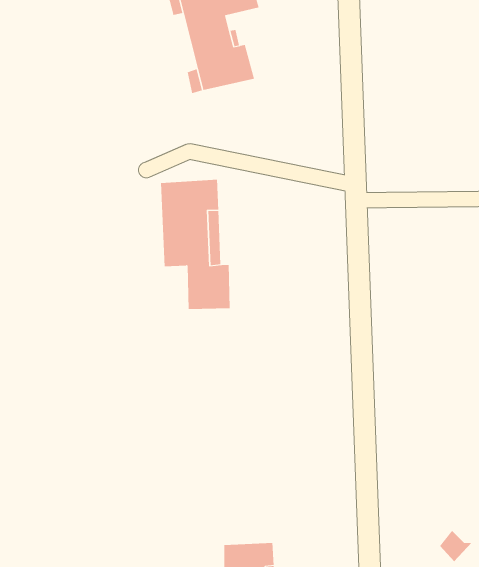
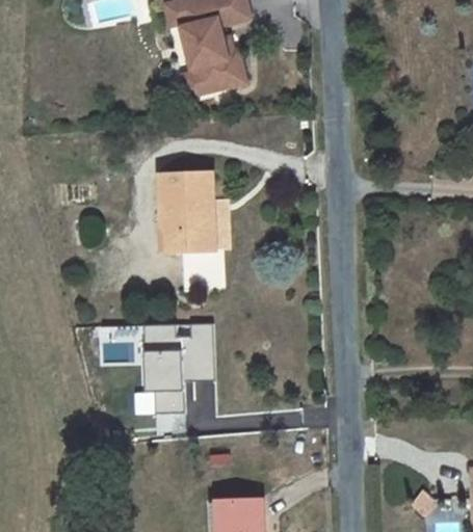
building: none -> [141,321,214,415]

